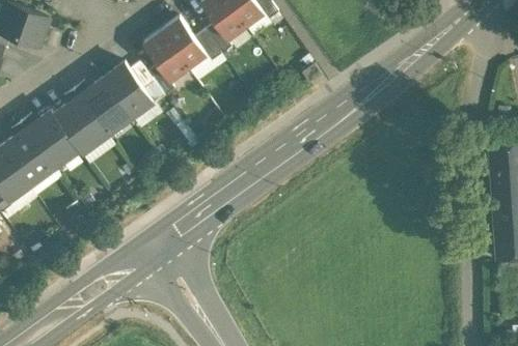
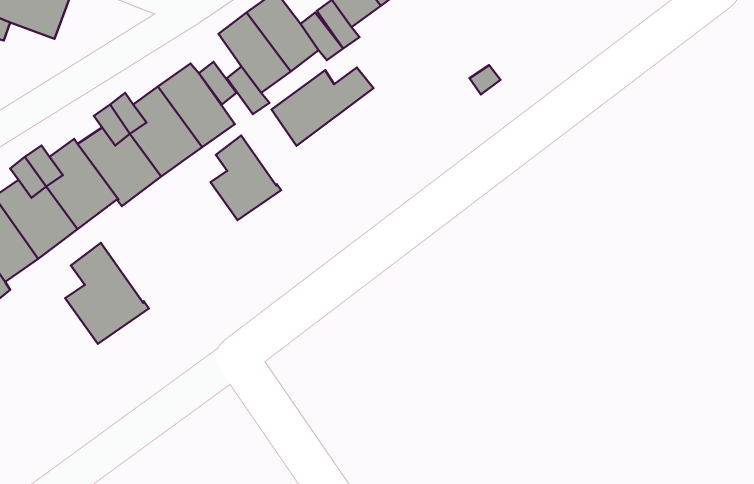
building: none -> [271,68,374,146]
building: none -> [211,136,281,220]
building: none -> [65,243,149,344]

